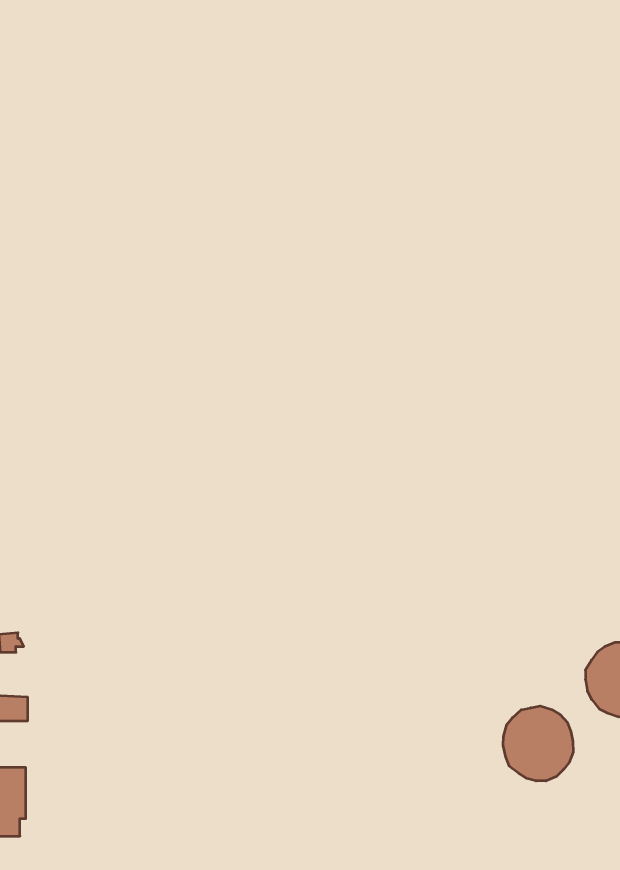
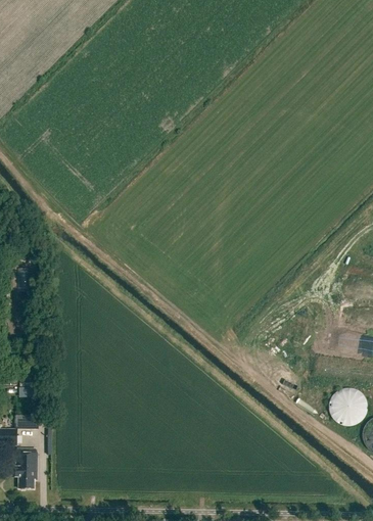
building: [503,706,573,781] -> none

